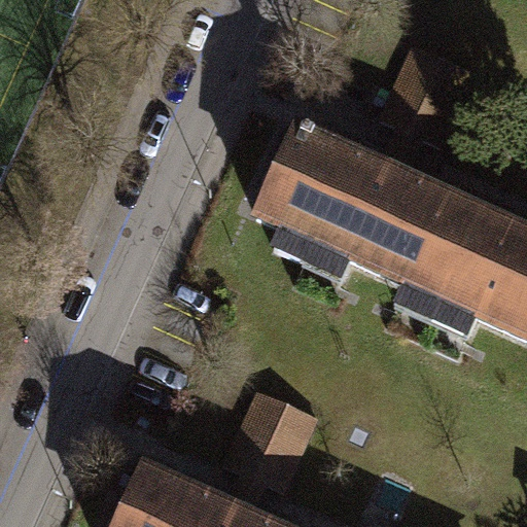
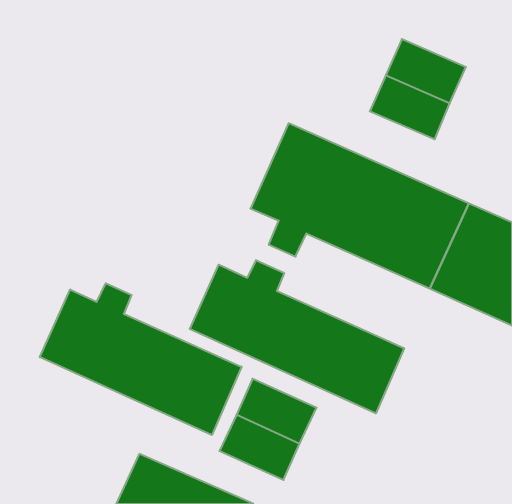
building: none -> [190,260,404,413]
building: none -> [40,283,242,435]

